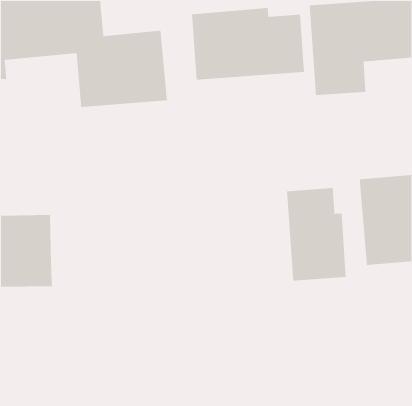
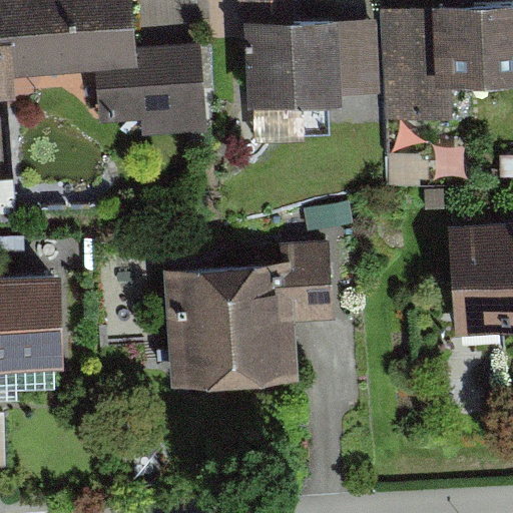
building: none -> [165,238,338,388]
building: [286,187,346,281] -> none

